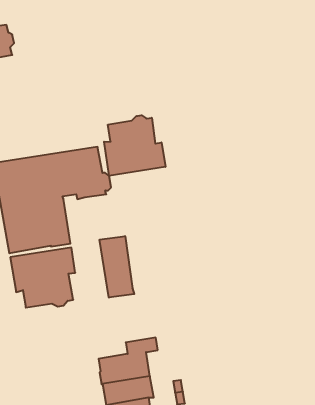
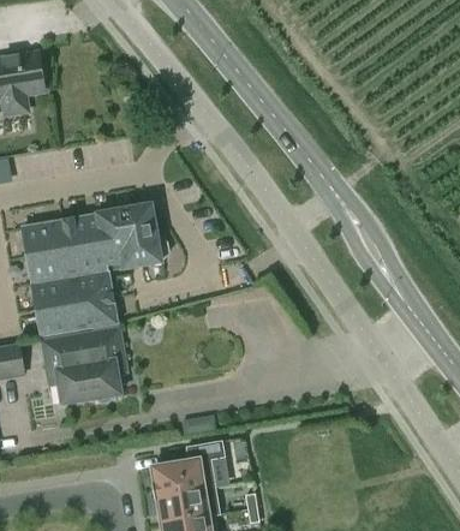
building: [104,115,165,176] -> none
building: [100,236,134,298] -> none

